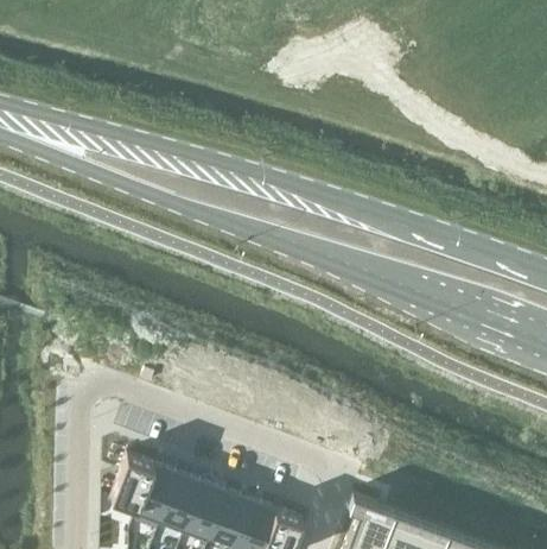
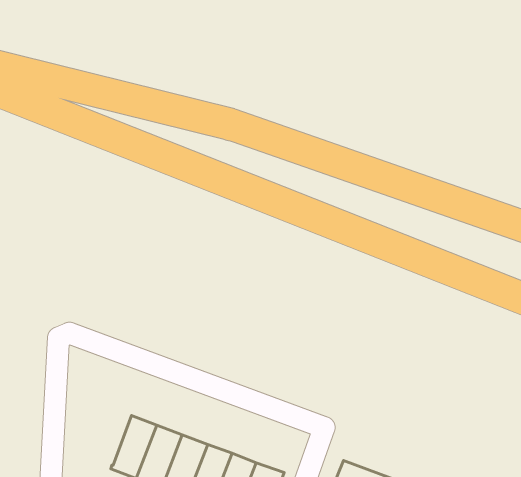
building: [109,454,153,512] -> none

